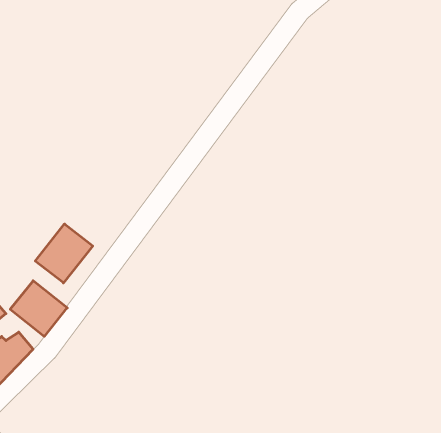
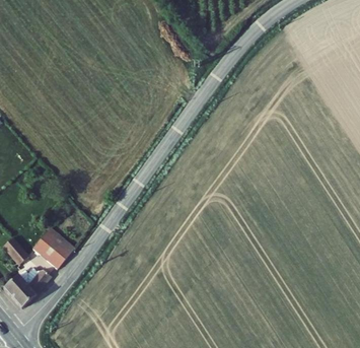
building: [35,224,93,283] -> none

